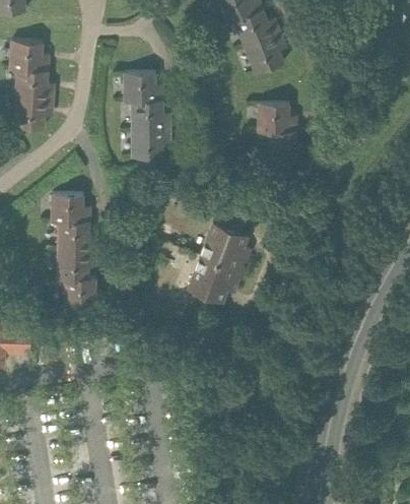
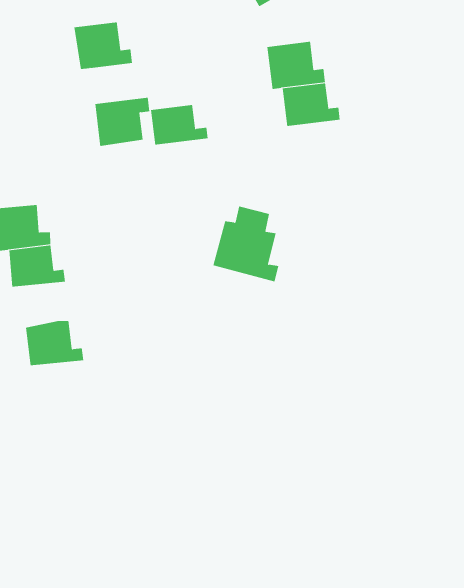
building: [133,102,172,127] -> [150,104,209,145]
building: [58,249,97,278] -> none
building: [189,251,245,310] -> none

